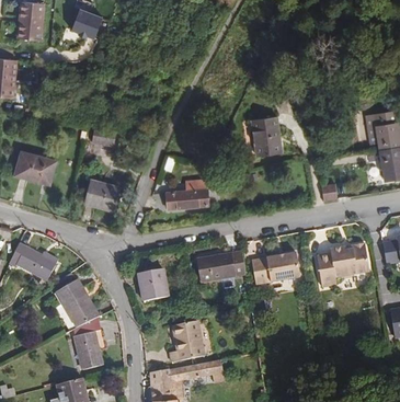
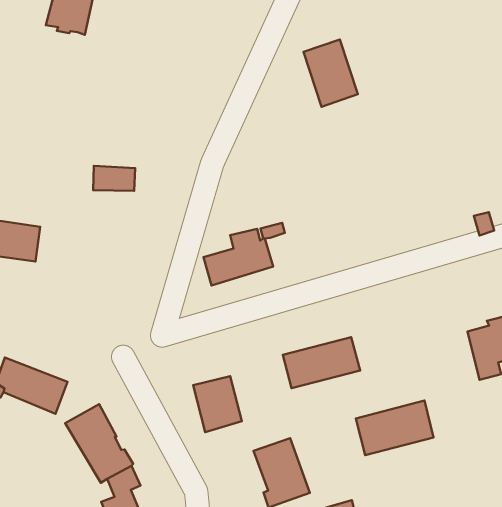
building: [250,118,282,160] -> [304,39,358,107]
building: [81,184,116,217] -> none
building: [251,253,299,284] -> [356,401,434,455]

